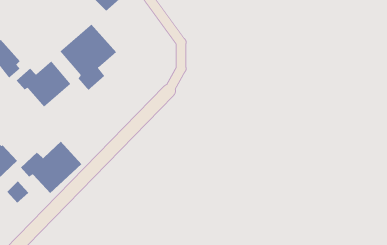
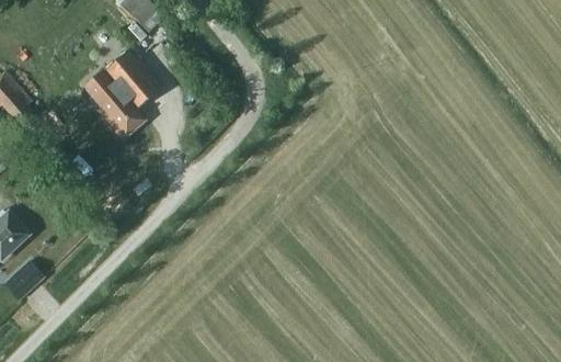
building: [16,61,71,108] -> none
building: [20,141,82,194] -> none

